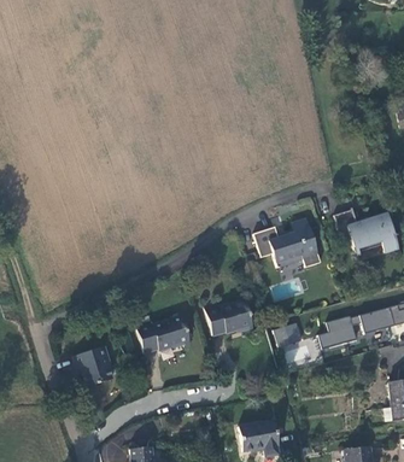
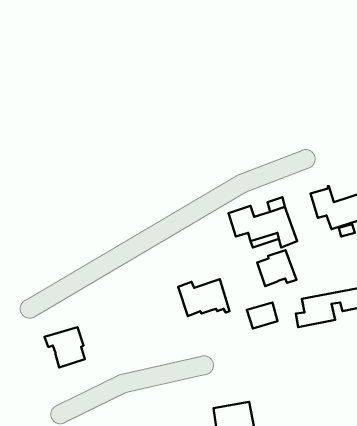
building: none -> [257,250,297,286]
building: [136,315,191,352] -> none

